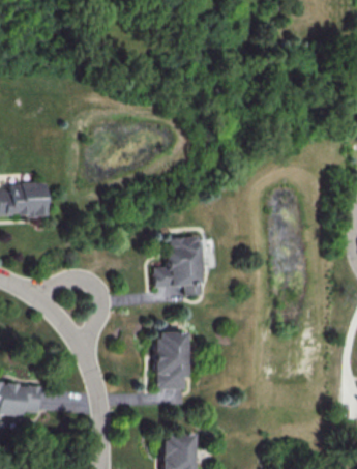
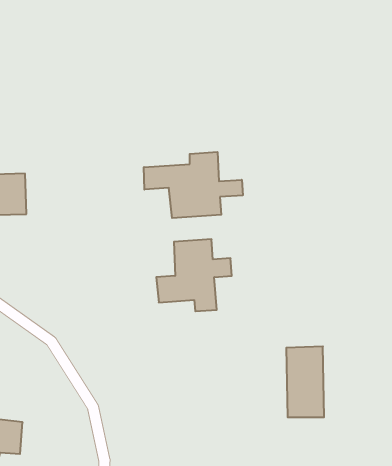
building: none -> [144,152,243,218]
building: [156,332,187,390] -> [286,346,324,417]

